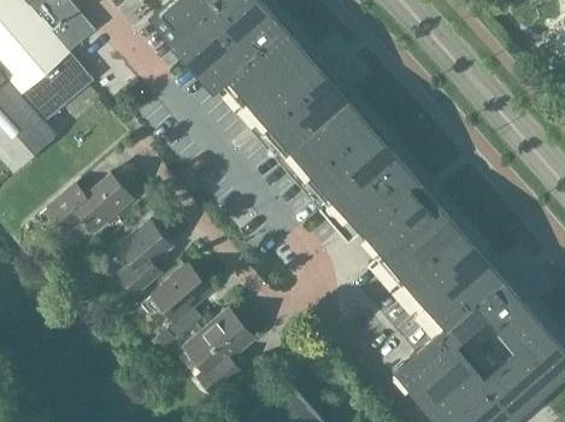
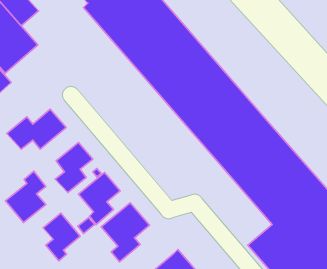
building: none -> [6,171,46,223]
building: none -> [43,213,80,261]

